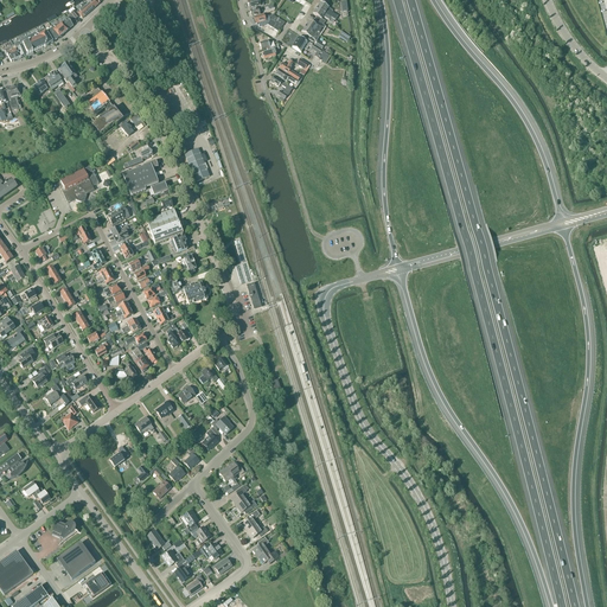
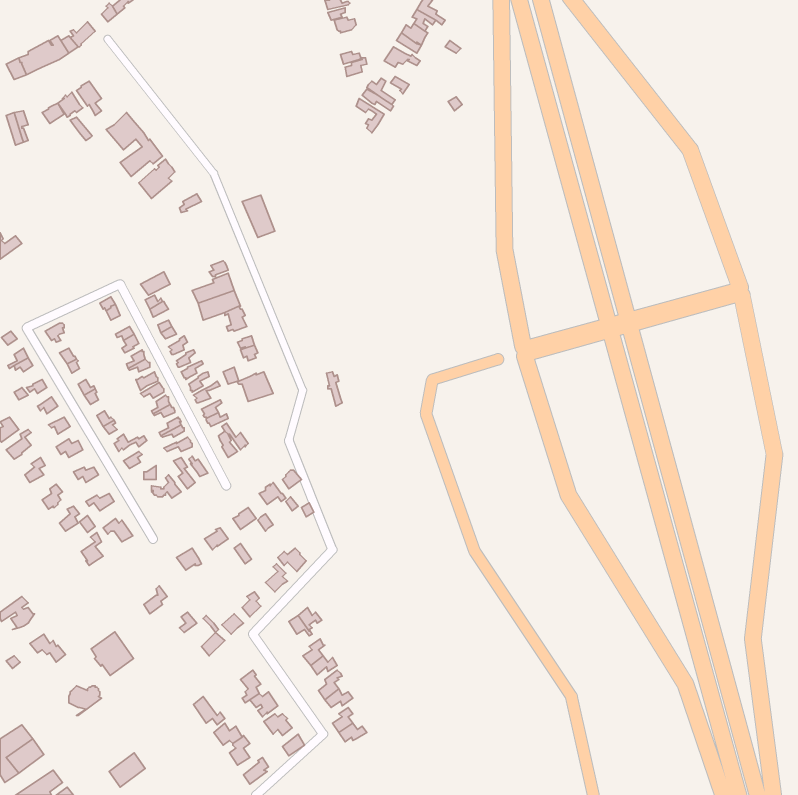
building: [122,160,167,194] -> none
building: [59,165,98,202] -> none
building: [58,544,90,577] -> [91,632,133,676]

